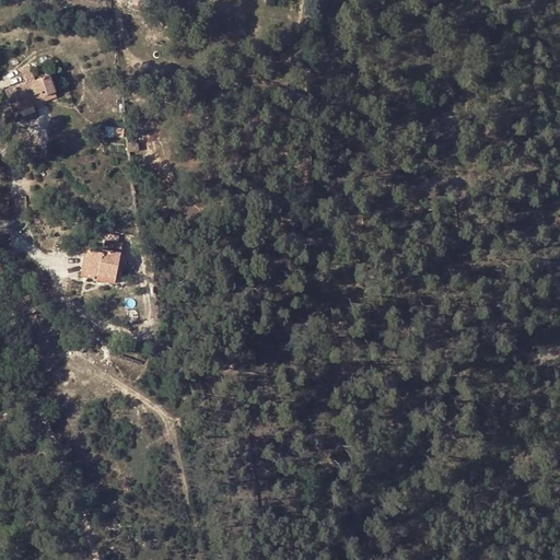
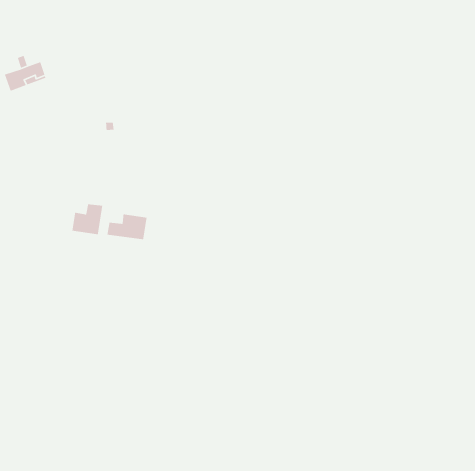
building: none -> [106,214,147,240]

